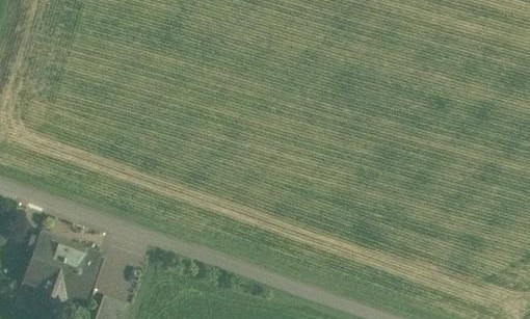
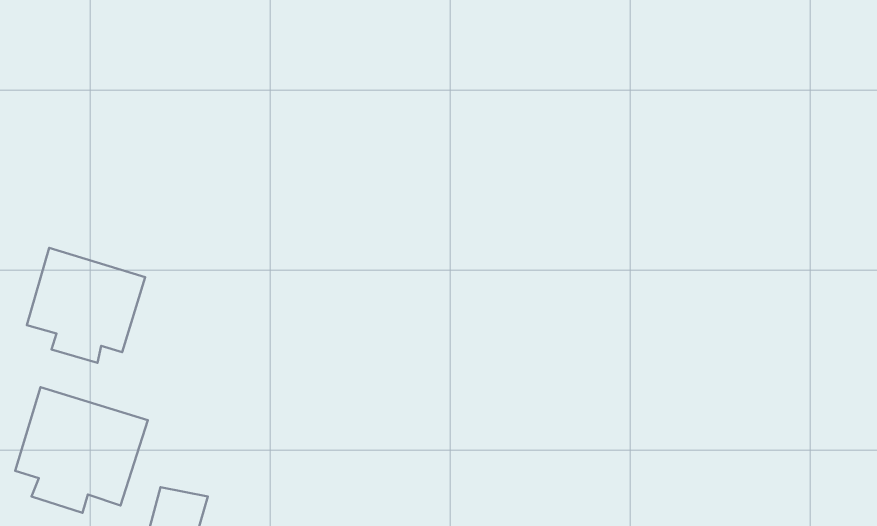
building: none -> [27,248,145,363]

